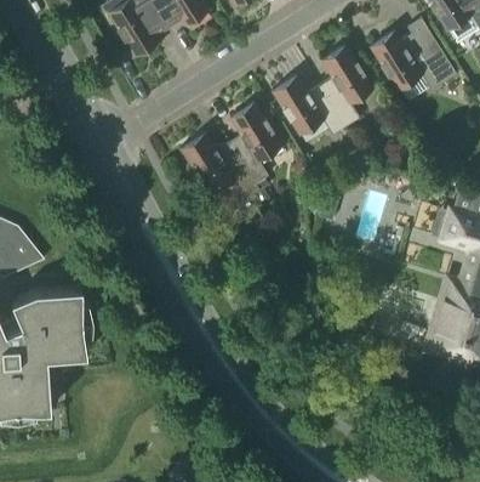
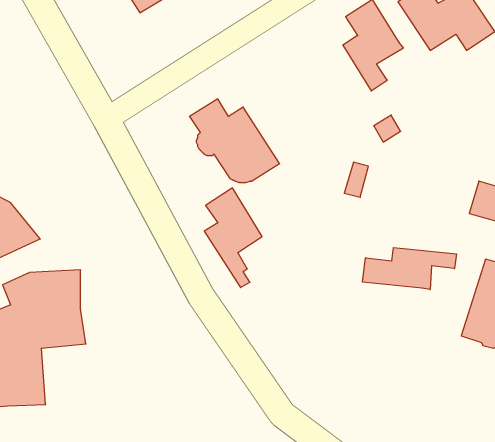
building: [272,74,344,134] -> none
building: [229,101,281,191] -> [204,188,262,288]
building: none -> [363,248,456,290]

